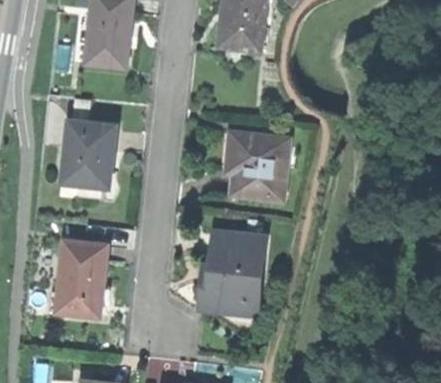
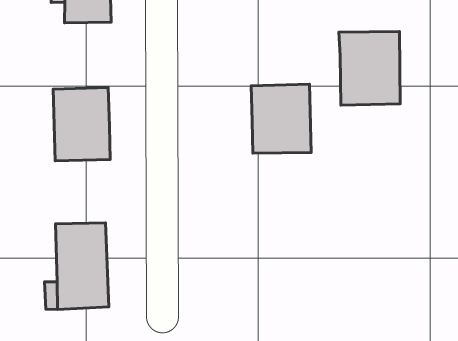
building: none -> [339,32,400,105]
building: [205,235,268,314] -> none

